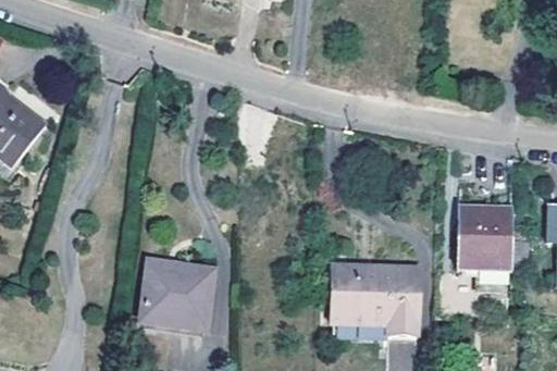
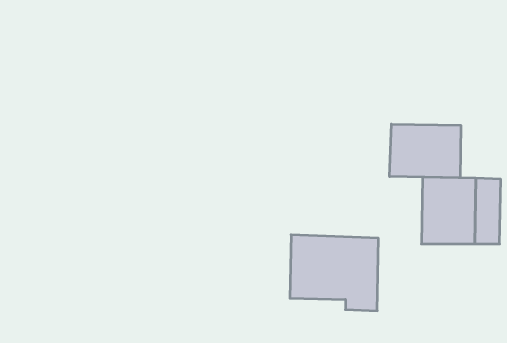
building: none -> [390,124,461,178]
building: [137,259,211,330] -> none

